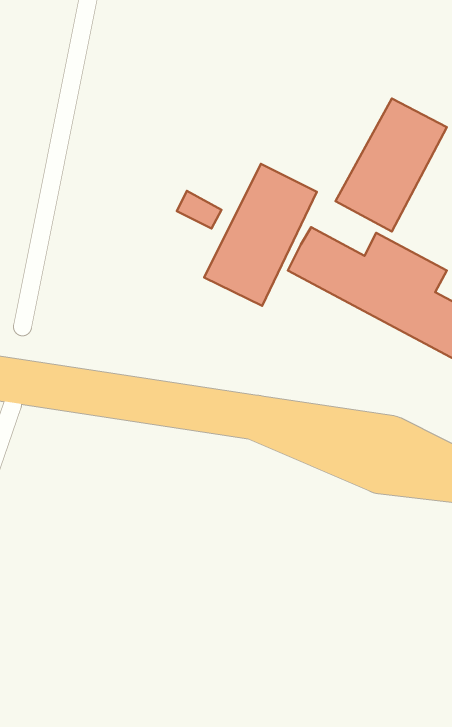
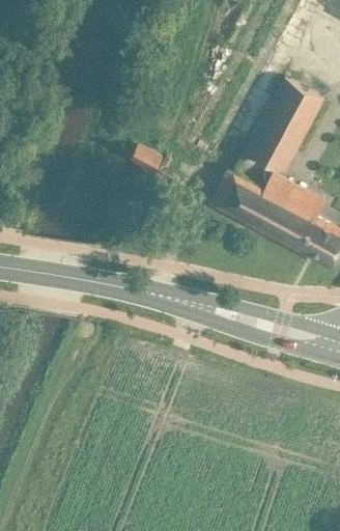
building: [204,164,317,306] -> none

